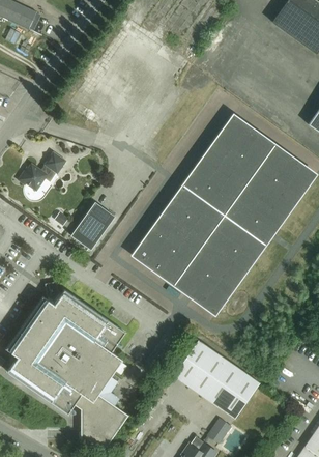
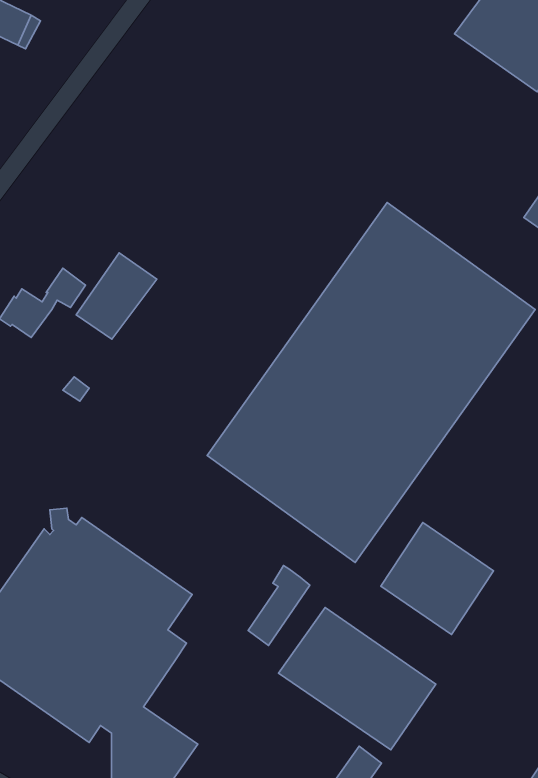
building: [70,202,115,250] -> [76,253,157,339]
building: none -> [381,522,493,634]
building: none -> [248,565,310,645]

